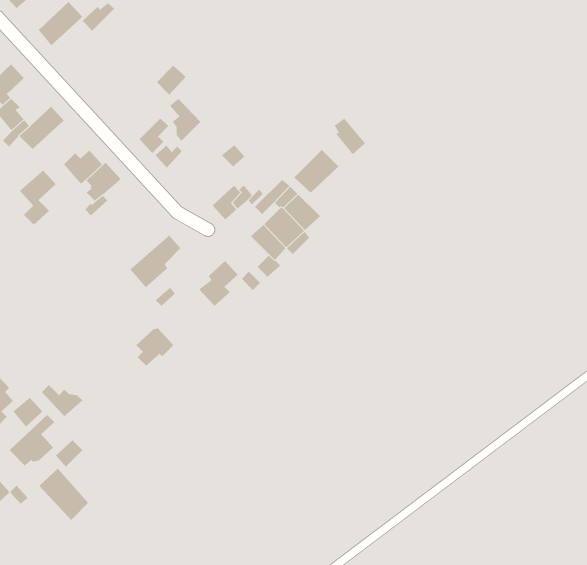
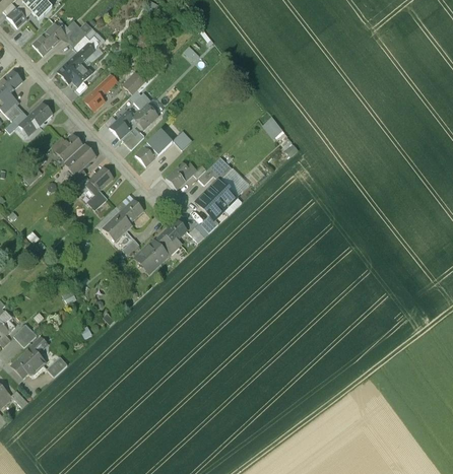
building: none -> [58,35,100,86]
building: none -> [84,74,118,112]
building: none -> [135,129,172,165]
building: [293,149,339,193] -> none
building: [19,170,56,225] -> [83,166,112,209]
building: [135,328,174,366] -> [138,242,168,271]
building: [41,384,83,417] -> none
building: [38,468,89,521] -> none

